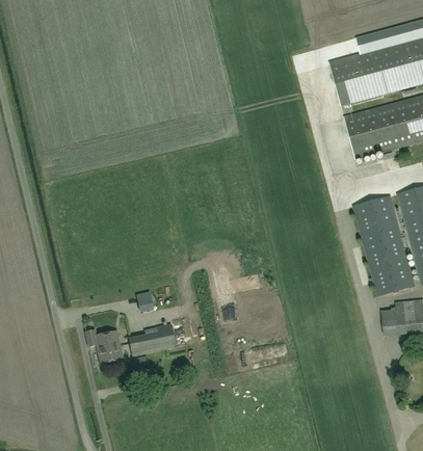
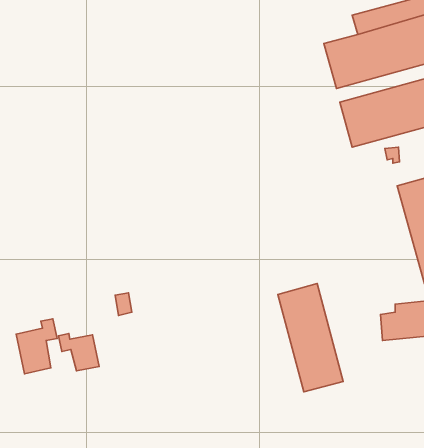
building: [353,195,414,295] -> [278,283,343,392]
building: none -> [16,319,57,374]
building: [130,324,176,355] -> none

